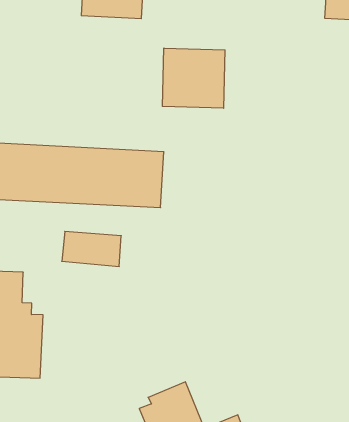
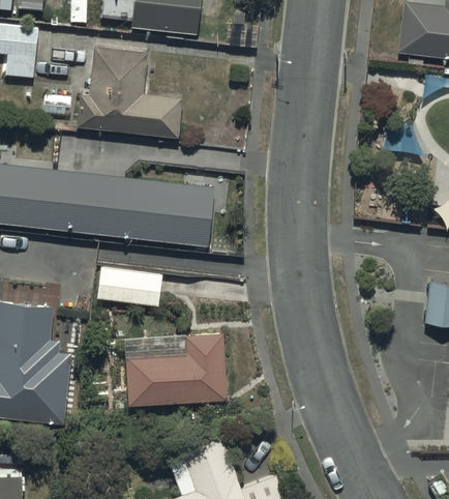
building: none -> [76,48,181,138]
building: [162,48,225,108] -> none
building: none -> [126,333,227,405]

